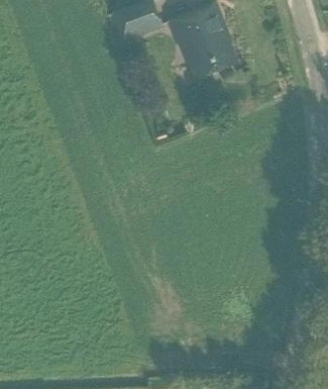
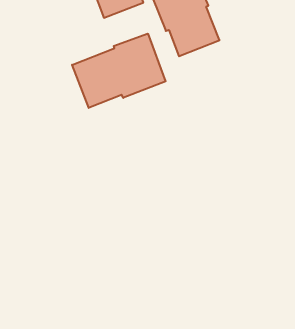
building: none -> [72,34,166,108]

